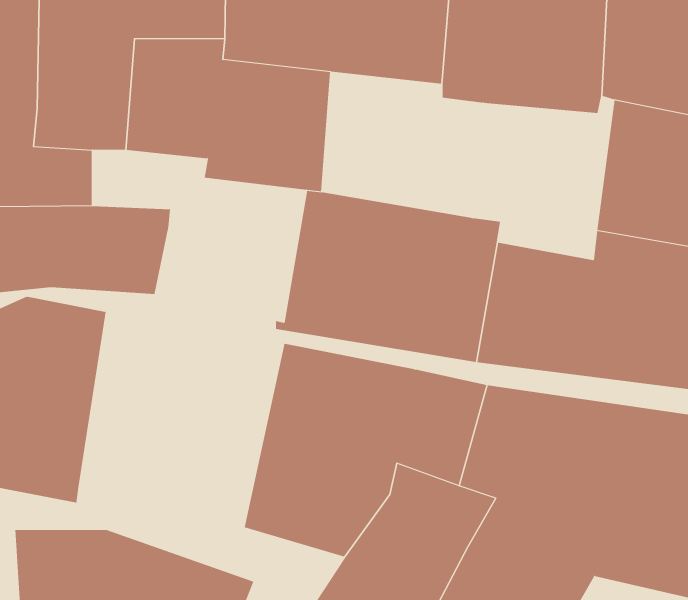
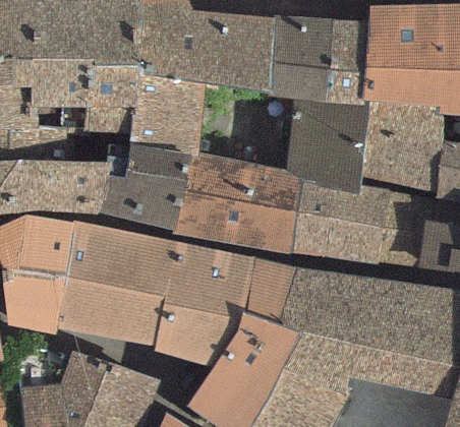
building: none -> [287,98,369,193]
building: none -> [101,145,189,230]
building: none -> [56,222,176,350]

